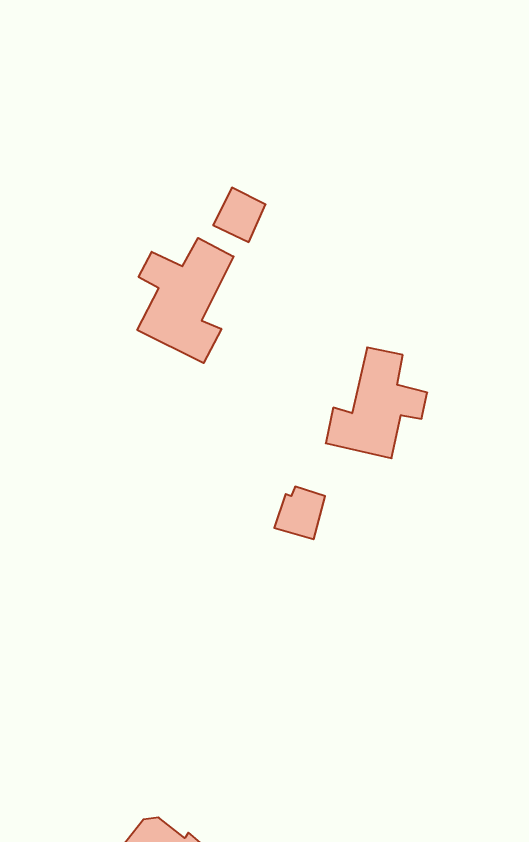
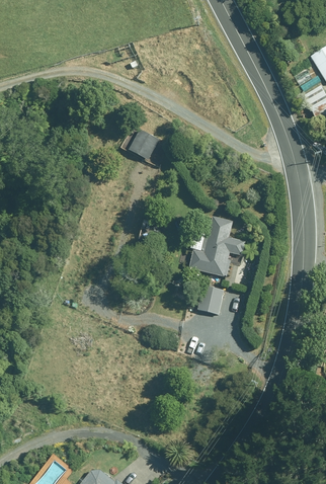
building: [137,238,234,363] -> none
building: [274,487,325,539] -> [195,287,223,315]

